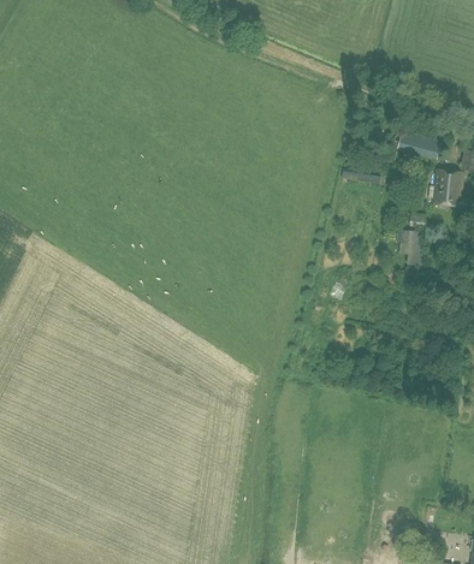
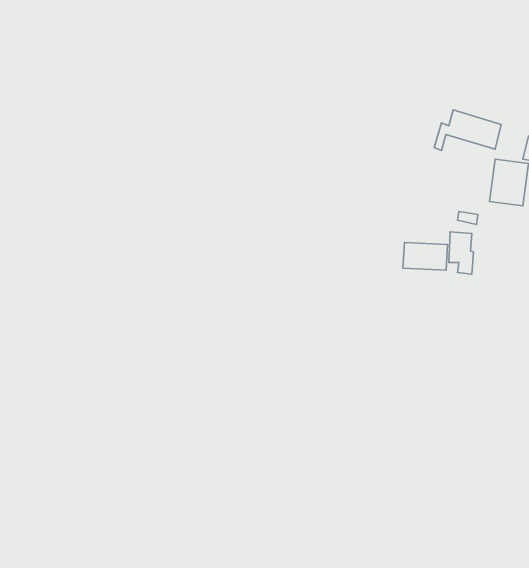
building: none -> [403,243,448,270]

